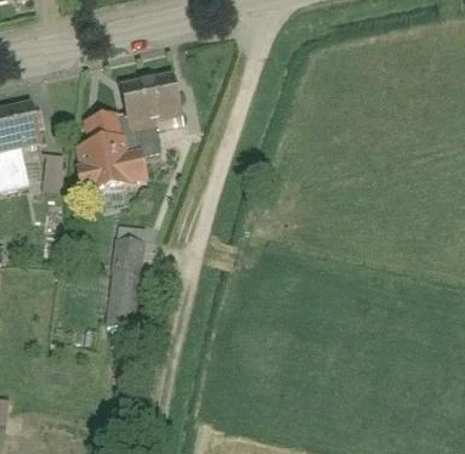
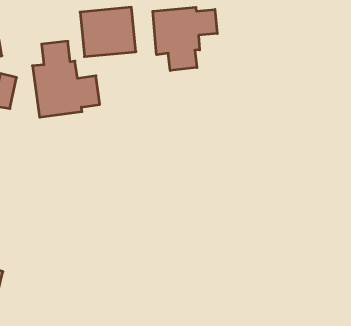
building: none -> [153,7,217,71]
building: [106,226,146,323] -> none

